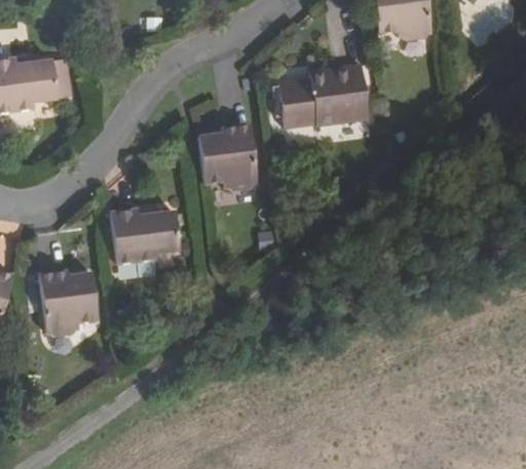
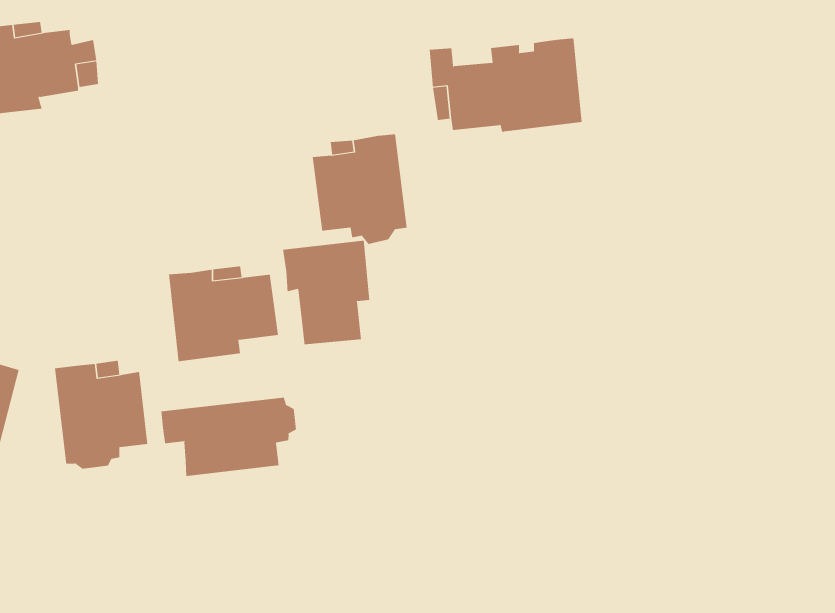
building: none -> [282,240,370,345]
building: none -> [161,397,297,477]

